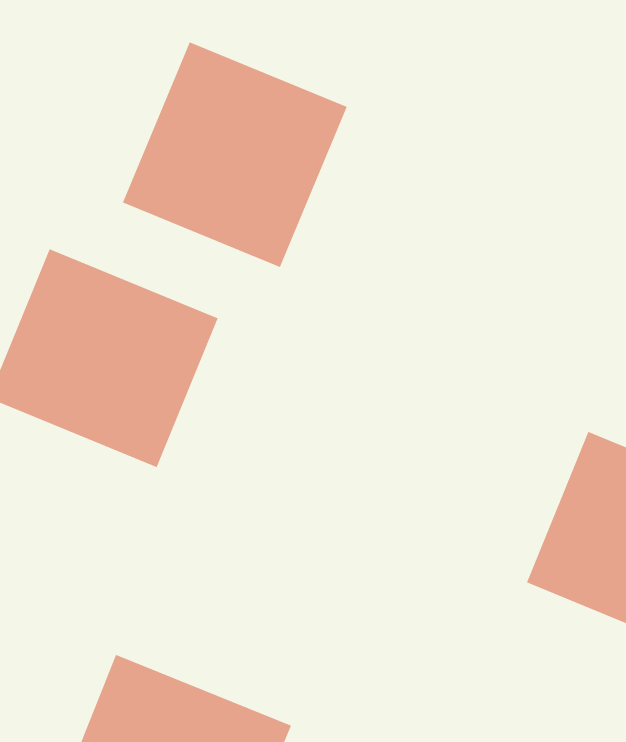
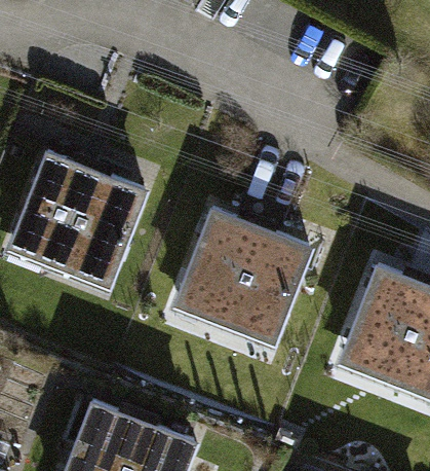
building: [122,42,347,268] -> none
building: none -> [172,213,315,349]

